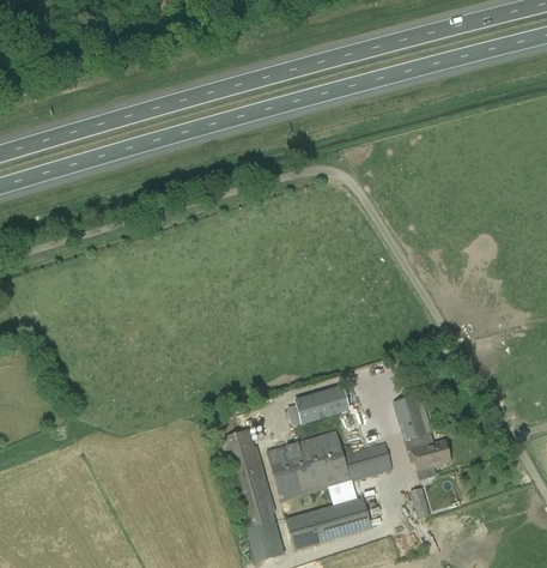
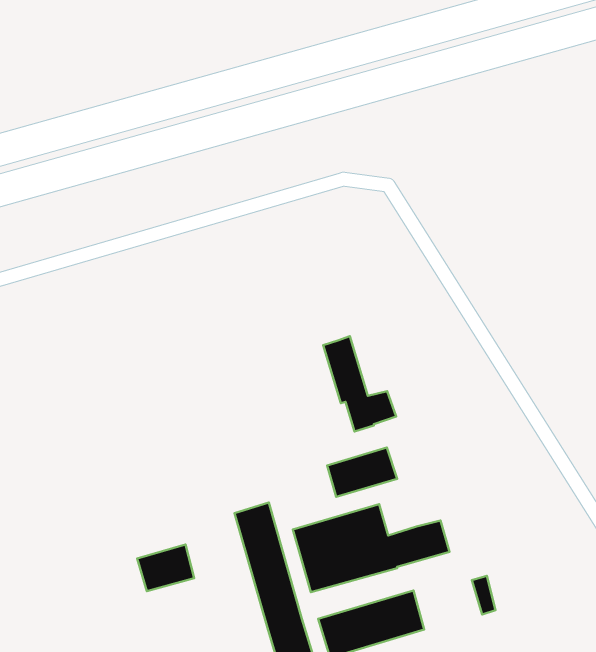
building: [394,394,452,471] -> [323,336,396,431]
building: none -> [137,545,194,591]

